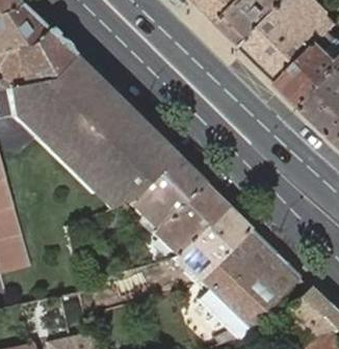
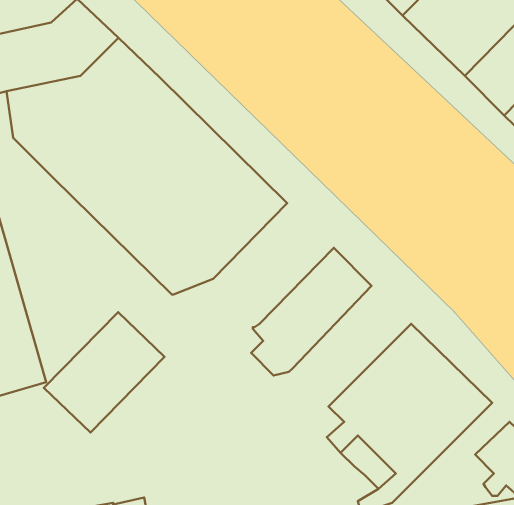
building: [131,155,204,227] -> [44,312,165,433]
building: [167,205,251,280] -> none

